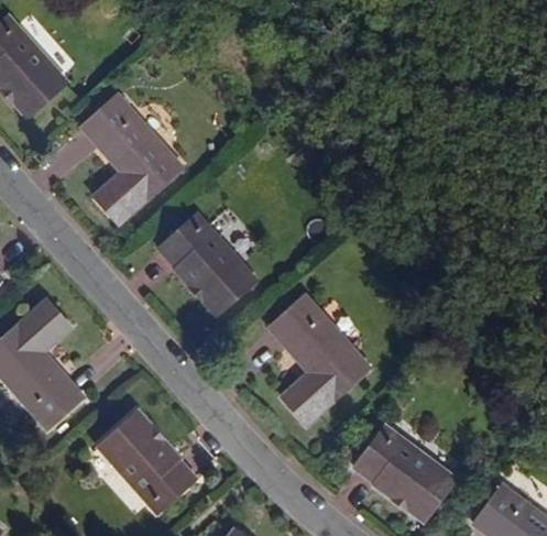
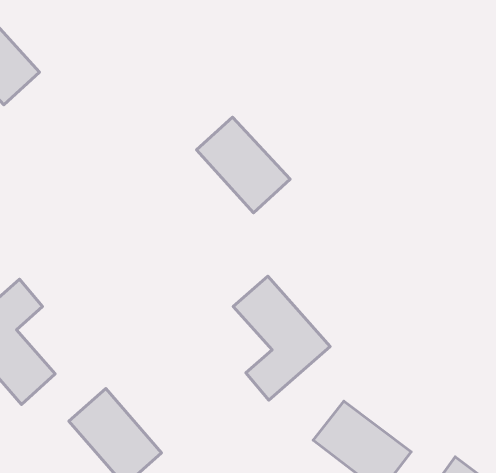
building: [81,95,183,223] -> none
building: [158,214,256,314] -> [197,117,290,213]

